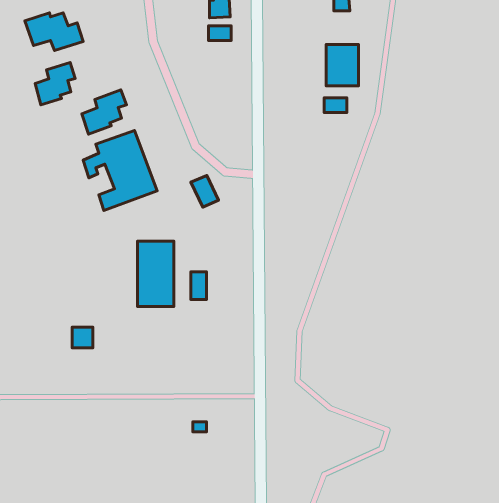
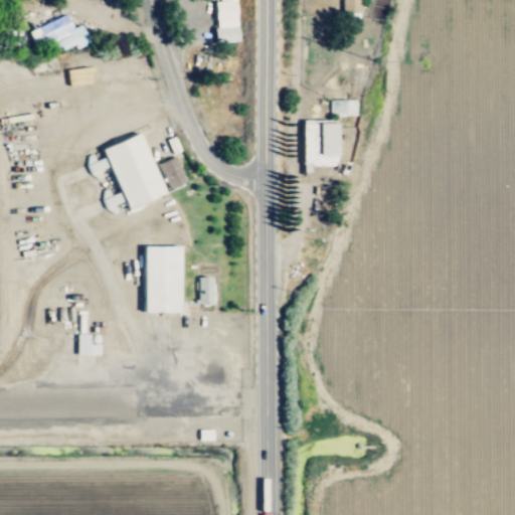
building: [326,44,359,86] -> [306,122,339,164]
building: [35,62,75,105] -> none
building: [82,90,126,134] -> none
building: [191,175,219,207] -> [161,156,189,188]

